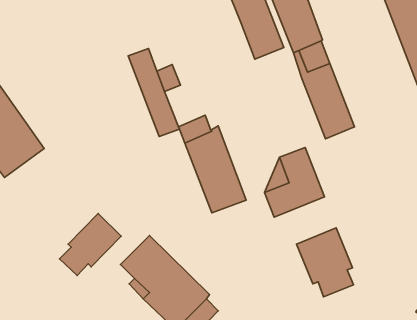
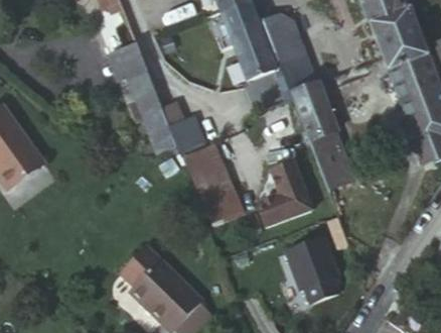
building: none -> [110,45,148,81]
building: none -> [314,144,354,192]
building: [60,214,121,276] -> none

